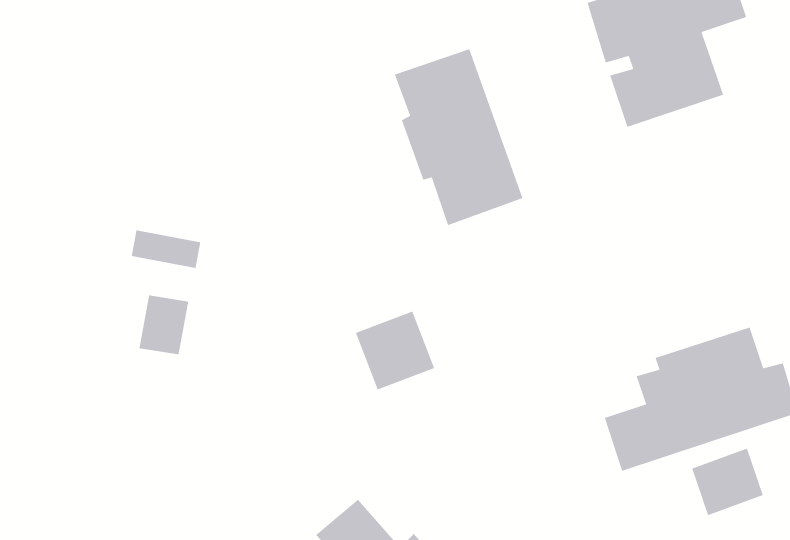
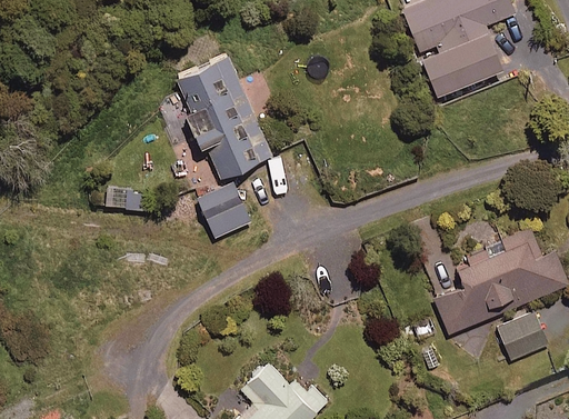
building: [394,48,523,226] -> [178,58,272,181]
building: [139,295,189,355] -> none
building: [355,310,435,391] -> [194,182,251,239]

